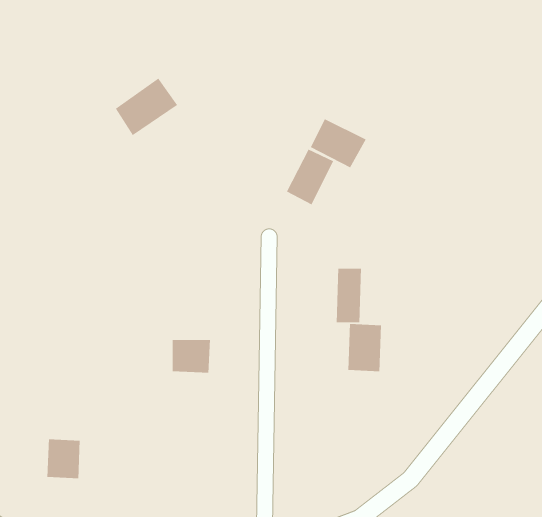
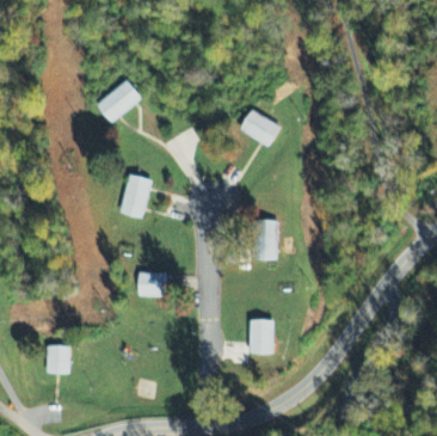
building: [286,148,334,205] -> none
building: none -> [119,174,150,219]
building: [348,323,382,372] -> [248,319,273,355]

